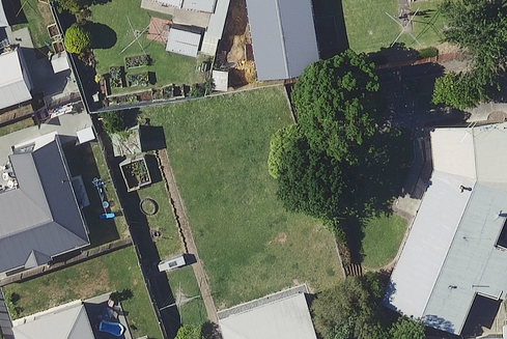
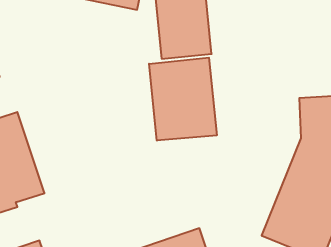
building: none -> [149,58,217,141]

